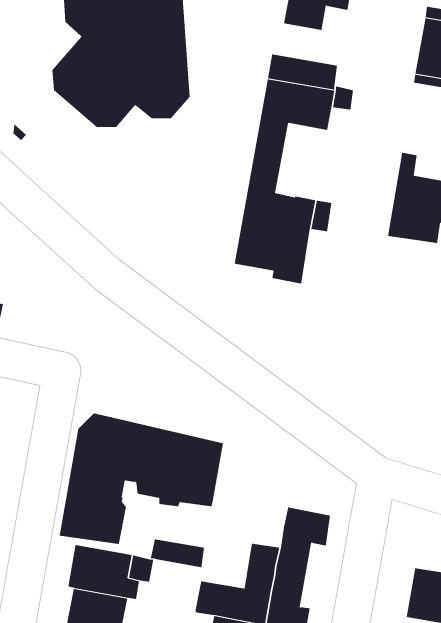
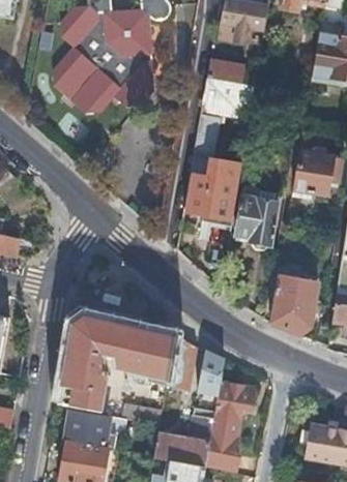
building: none -> [235,194,278,249]
building: none -> [270,276,317,334]
building: none -> [169,337,197,382]
building: none -> [199,352,226,397]

